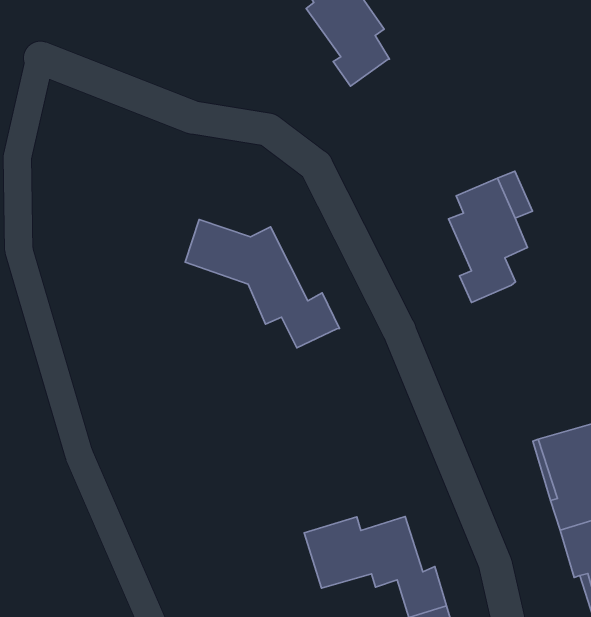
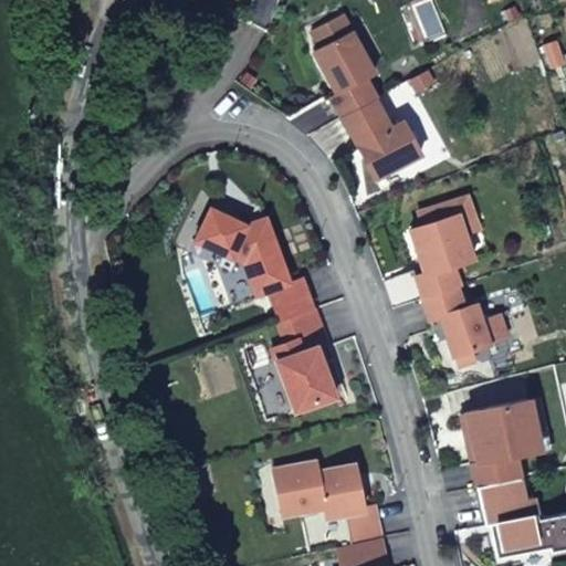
building: none -> [343,97,422,178]
building: none -> [423,286,507,366]
building: none -> [273,308,335,410]

